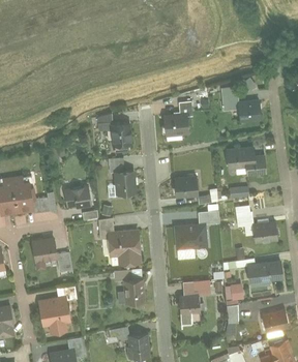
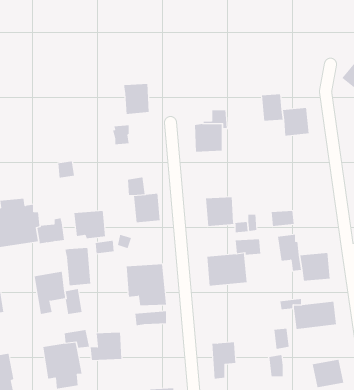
building: [109,121,130,147] -> [123,84,149,115]
building: [226,145,266,176] -> none
building: none -> [65,247,91,286]
building: [117,279,144,303] -> [90,332,122,361]
building: [182,280,210,296] -> none

